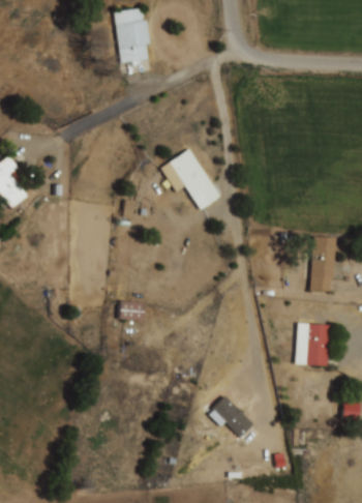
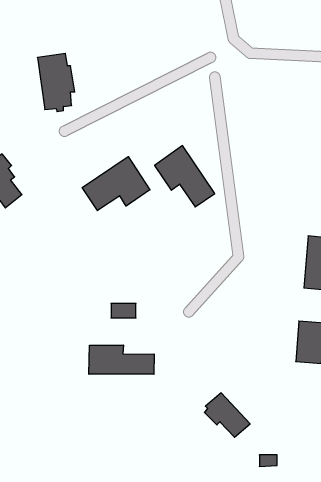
building: [114,7,151,65] -> [37,53,75,112]
building: none -> [82,157,150,211]
building: none -> [89,345,154,374]

